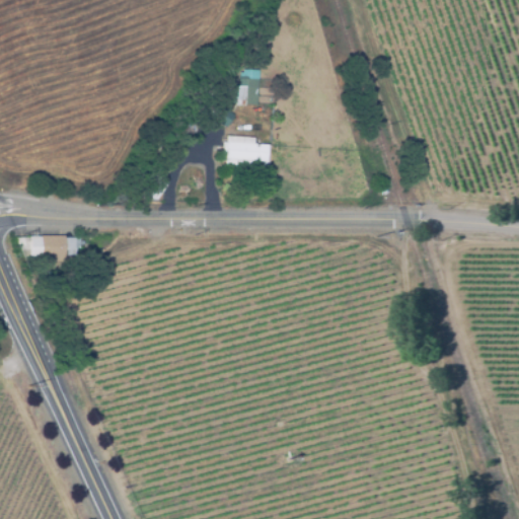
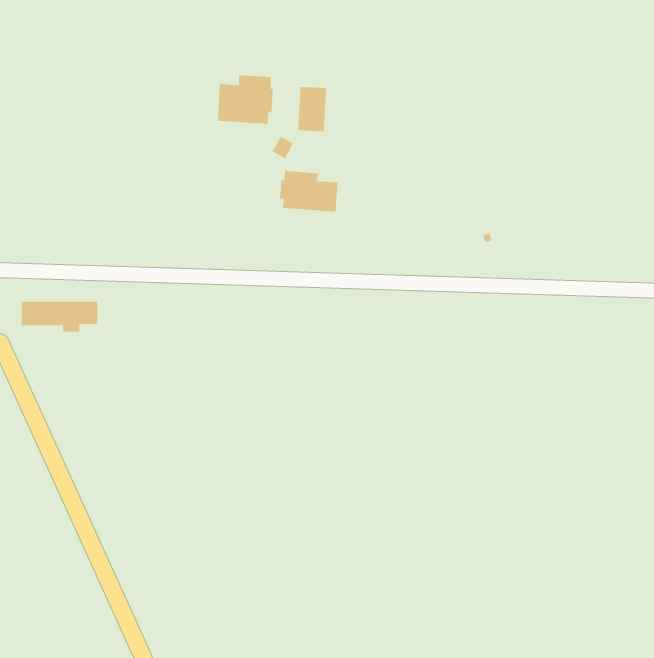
building: none -> [217,75,274,125]

